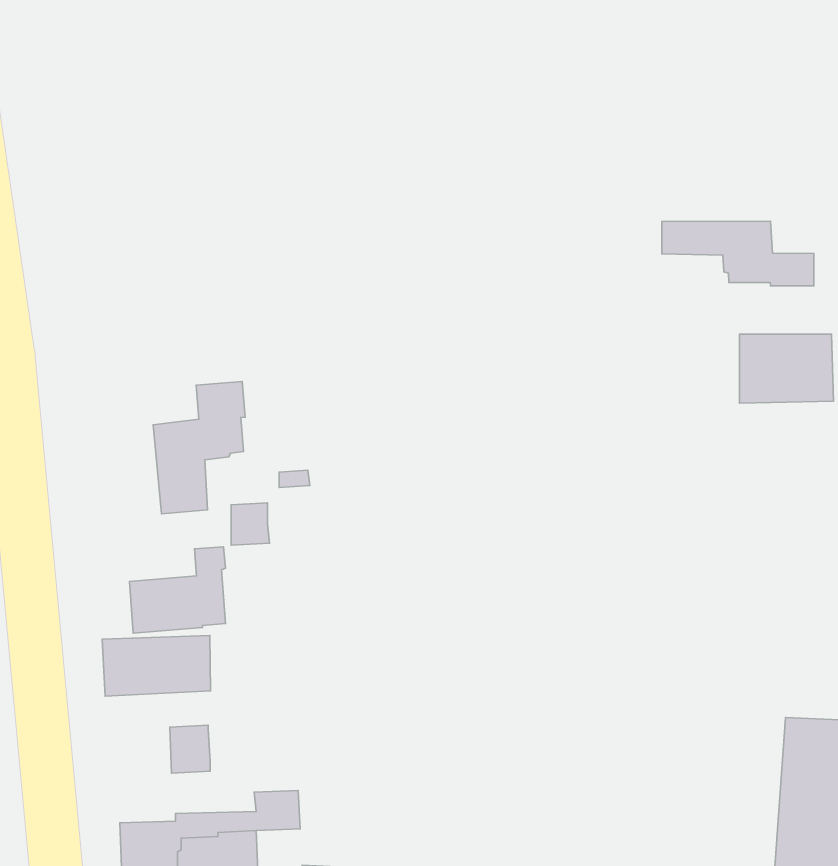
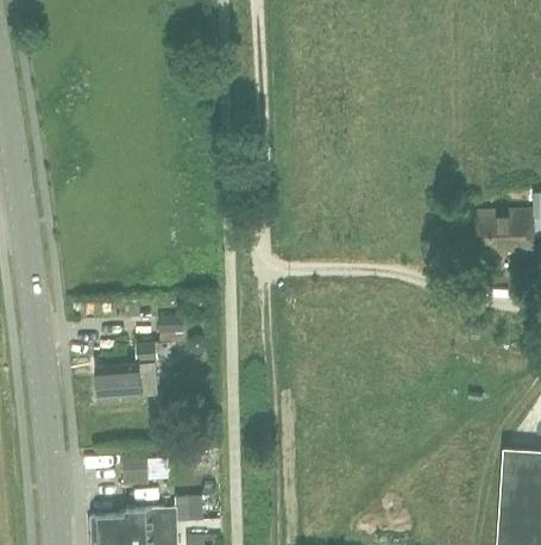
building: [662,221,814,286] -> none
building: [153,381,245,514] -> none
building: [102,636,210,696] -> none

